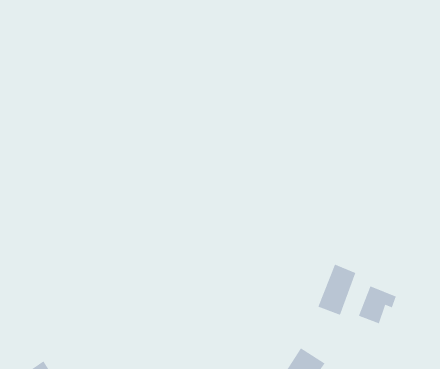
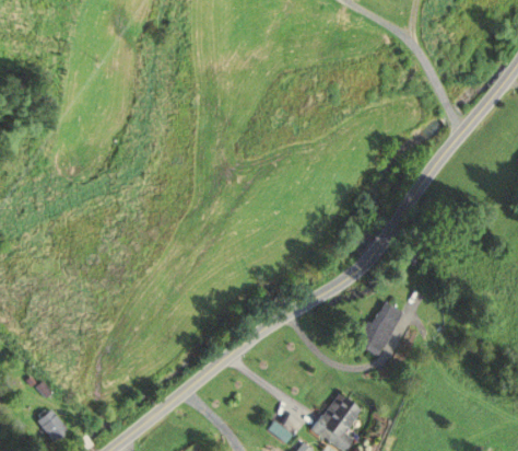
building: [358,285,396,324] -> none

